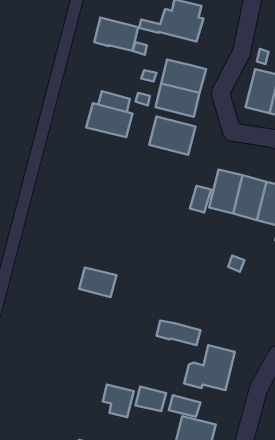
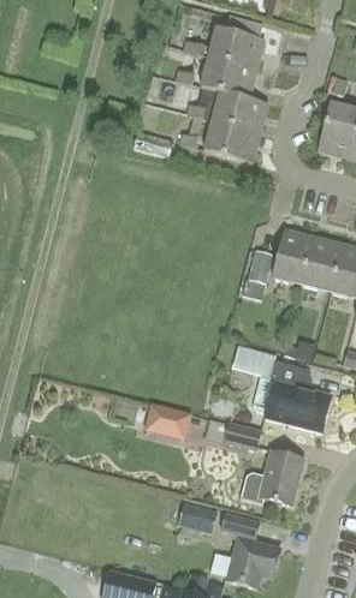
building: [94,17,138,51] -> [201,55,256,97]
building: [86,103,132,137] -> none
building: [149,117,196,155] -> none
building: none -> [232,343,331,431]
building: [79,268,116,297] -> [144,402,191,439]
building: [103,384,134,417] -> none

